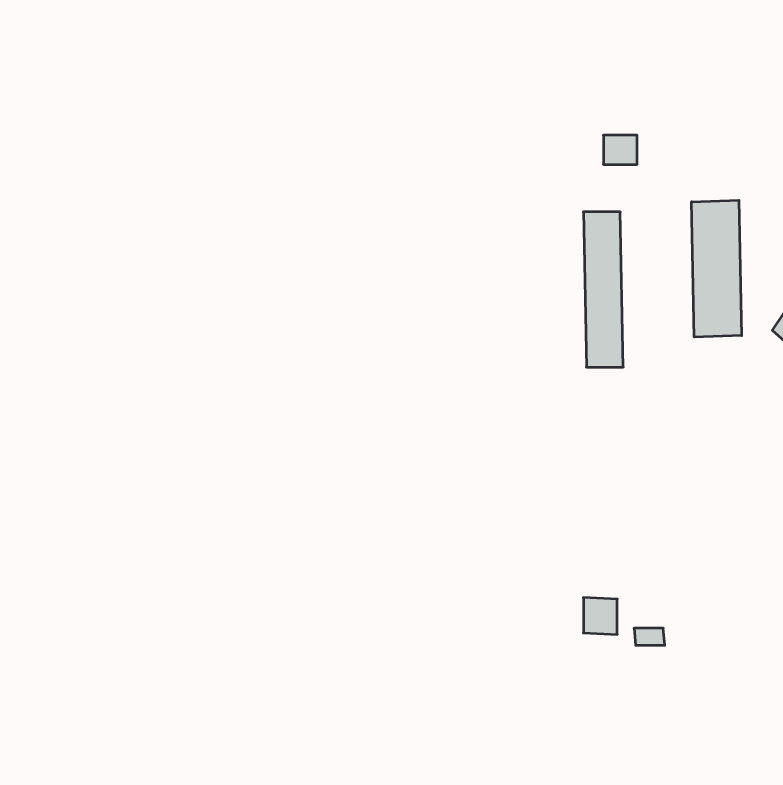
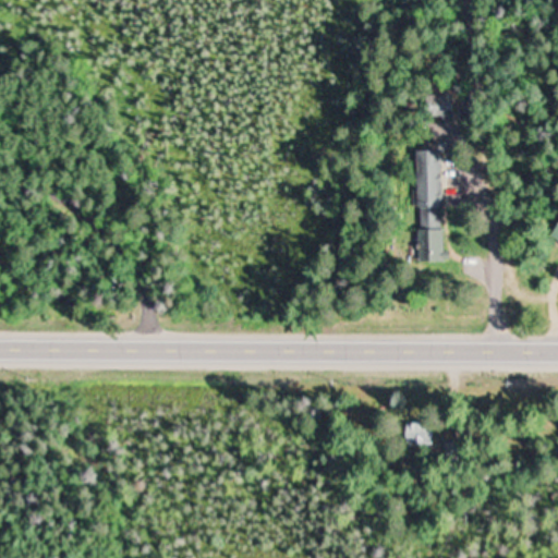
building: [692,200,742,337] -> none

